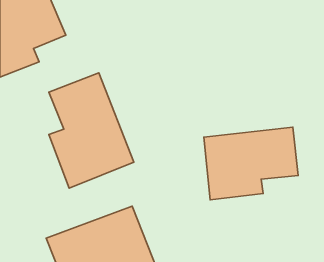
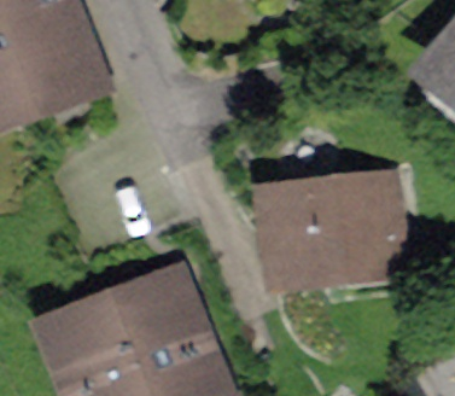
building: [49,73,134,188] -> none

